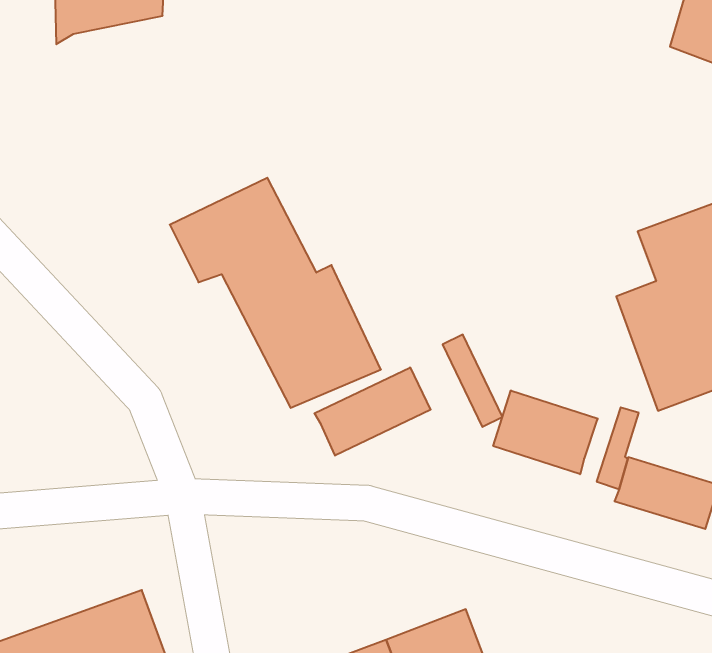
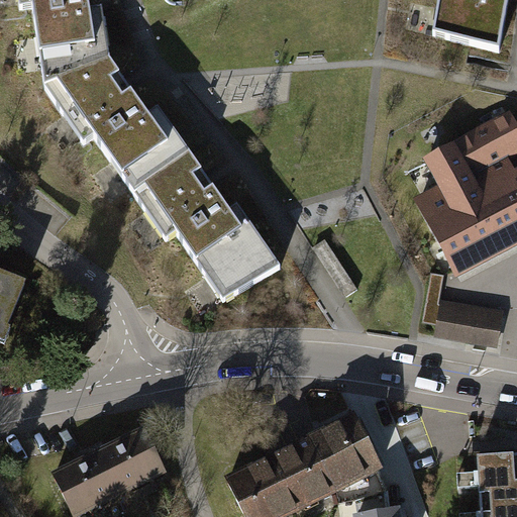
building: none -> [51,59,188,192]
building: [314,367,431,456] -> none
building: [493,390,598,474] -> none

